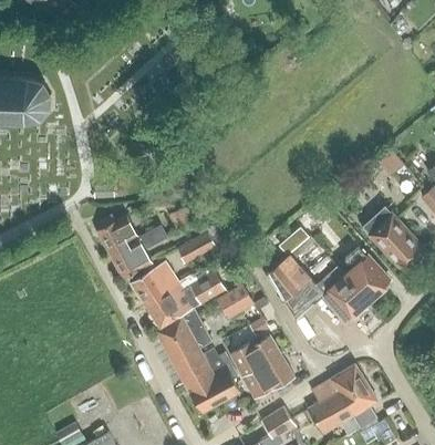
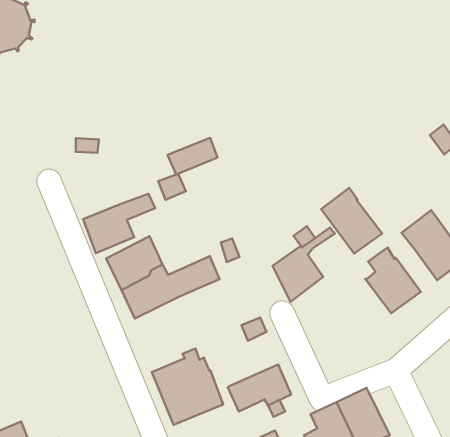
building: [96,216,137,252] -> none
building: [174,231,215,265] -> [168,138,218,175]
building: [315,267,367,320] -> [321,188,382,254]
building: [217,284,255,319] -> none
building: [156,309,213,371] -> none
building: [230,335,280,375] -> none

